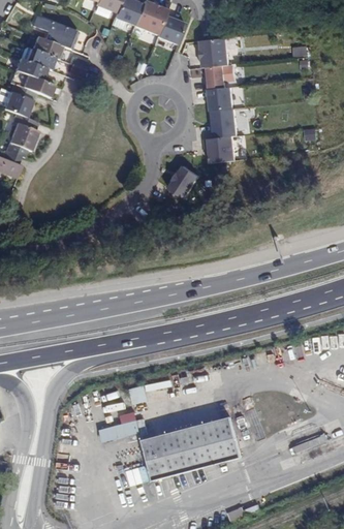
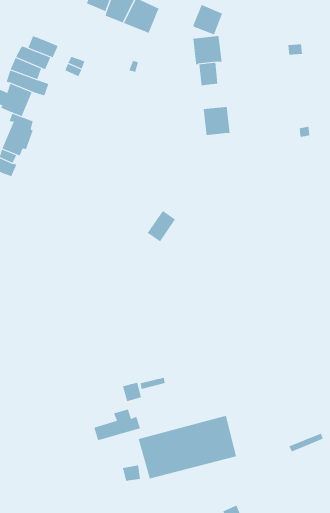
building: [155,13,185,44] -> [193,4,223,35]
building: [34,15,79,50] -> none
building: [207,84,233,110] -> none
building: [205,134,234,161] -> none
building: [165,164,194,196] -> [147,210,176,242]

